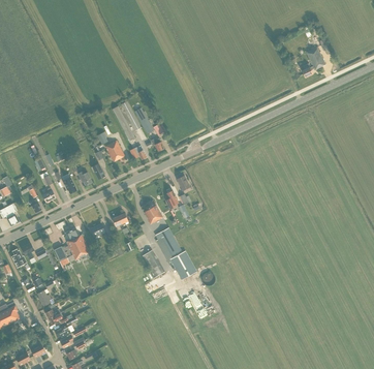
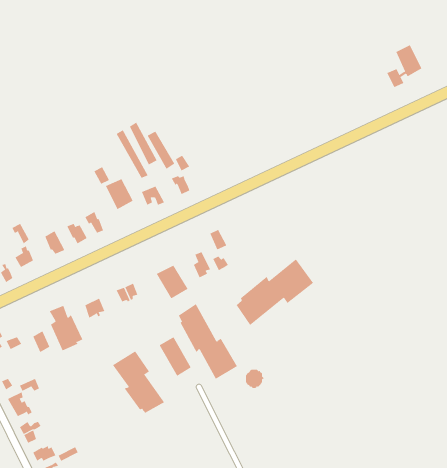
building: none -> [236,258,314,326]
building: none -> [112,350,165,414]

